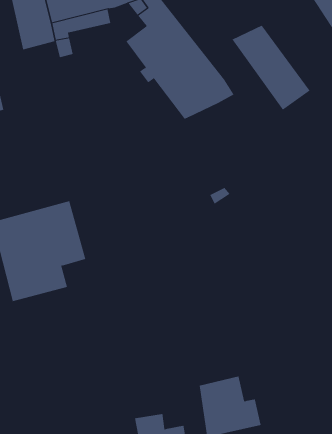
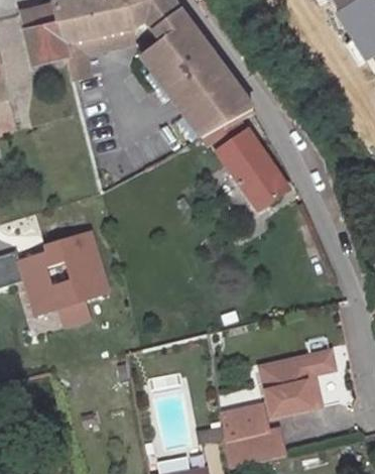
building: [231,25,310,111] -> [208,120,290,210]
building: none -> [266,350,341,414]

